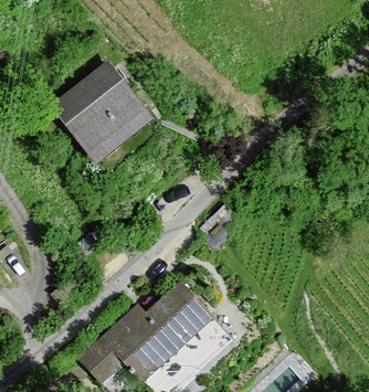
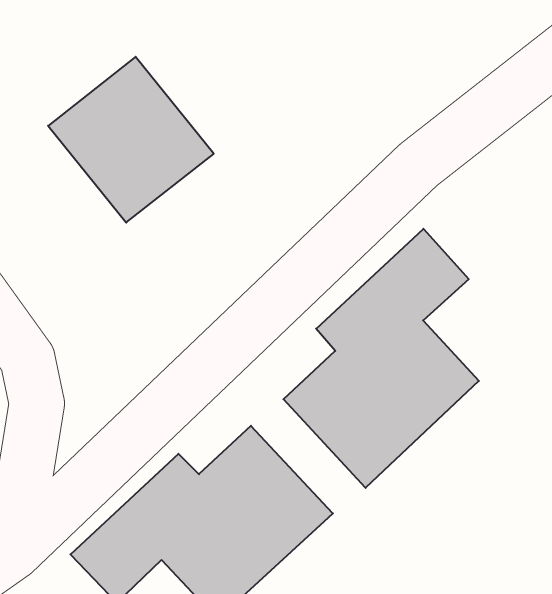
building: none -> [283,229,479,488]

